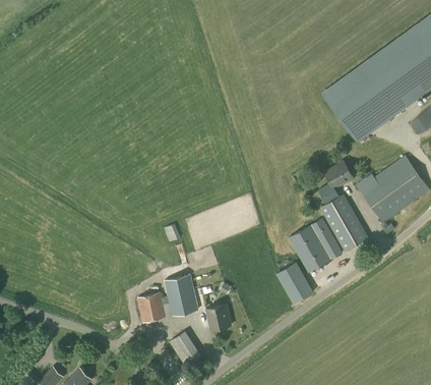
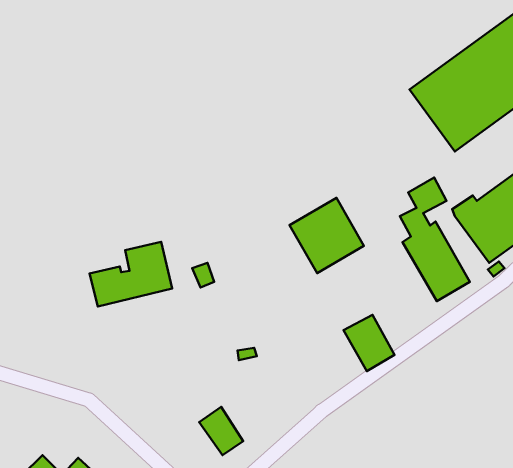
building: [287,218,342,274] -> [290,198,364,273]
building: [136,275,197,323] -> [90,242,172,306]
building: [204,305,230,331] -> none

